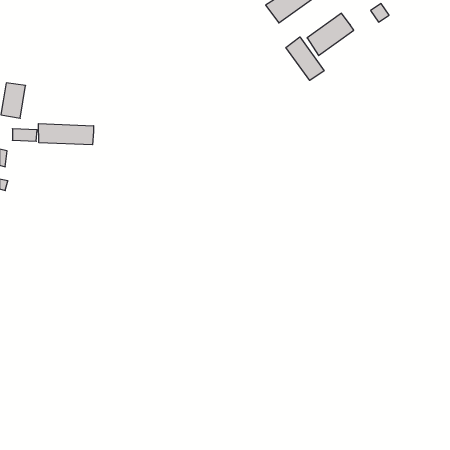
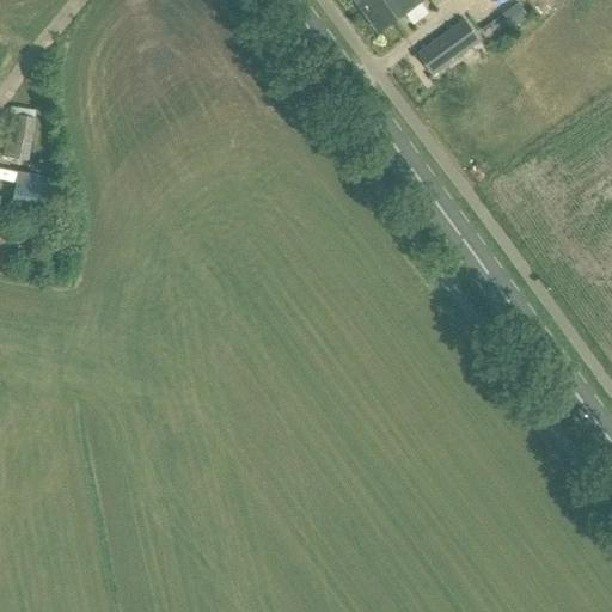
building: [286,37,324,80] -> none
building: [38,124,94,145] -> none

